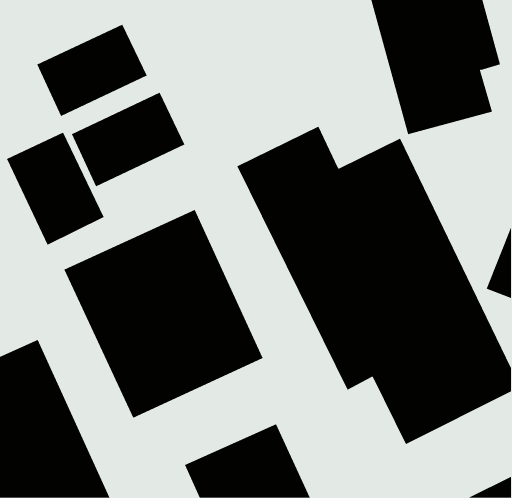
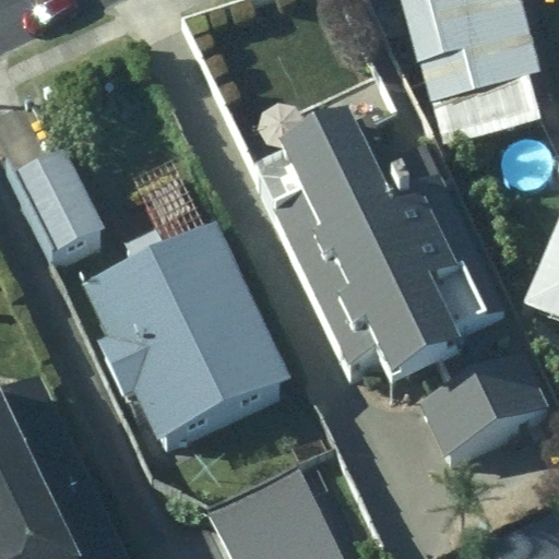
building: [37,24,147,117] -> none
building: [71,92,185,187] -> none

